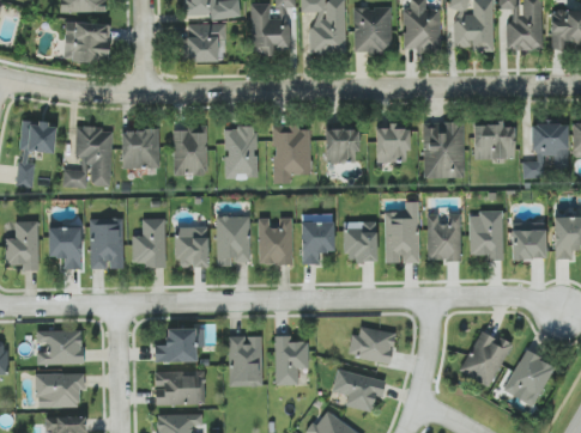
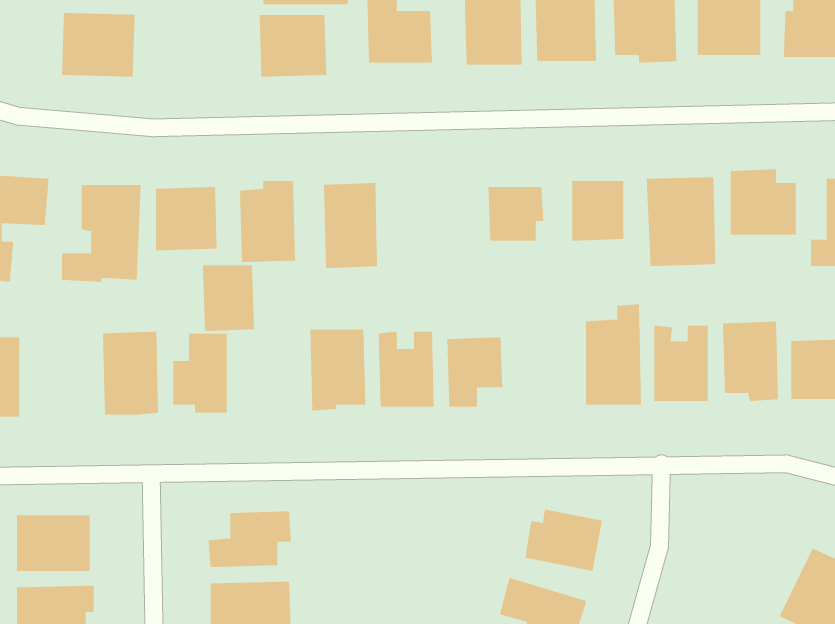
building: [272,123,311,182] -> none
building: [344,220,376,261] -> none
building: [48,226,81,268] -> none
building: [176,226,208,267] -> [202,265,255,331]
building: [459,329,510,386] -> none
building: [228,335,262,385] -> none
building: [274,335,308,384] -> none

